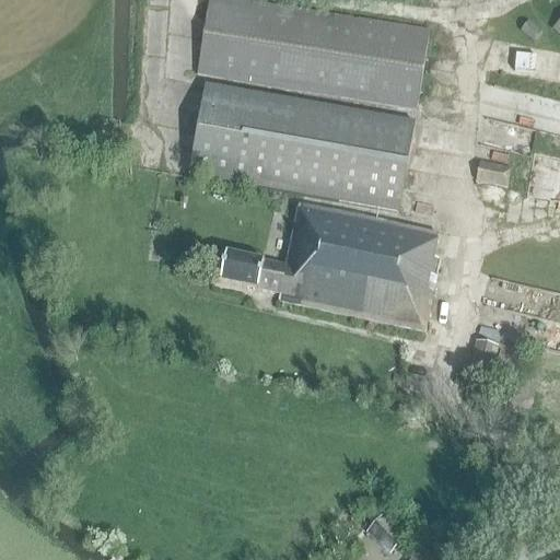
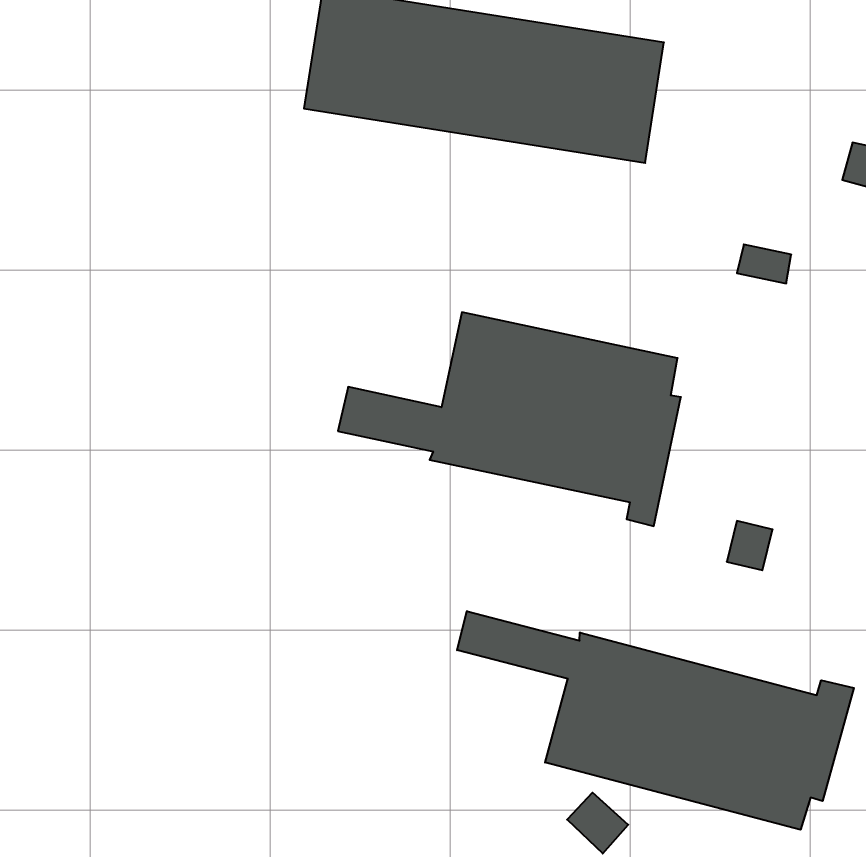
building: [189,81,415,209] -> none
building: none -> [457,611,854,830]

